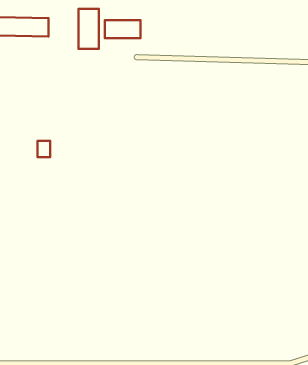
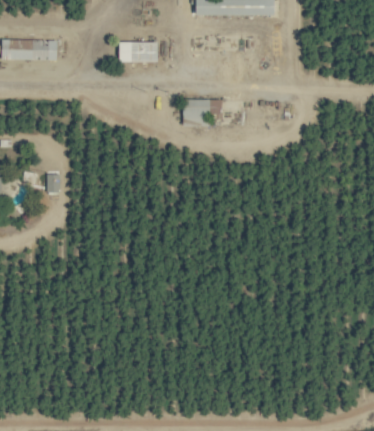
building: [79,9,99,49] -> none
building: none -> [183,99,222,123]

